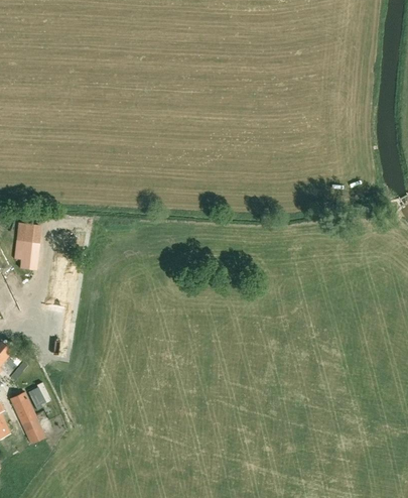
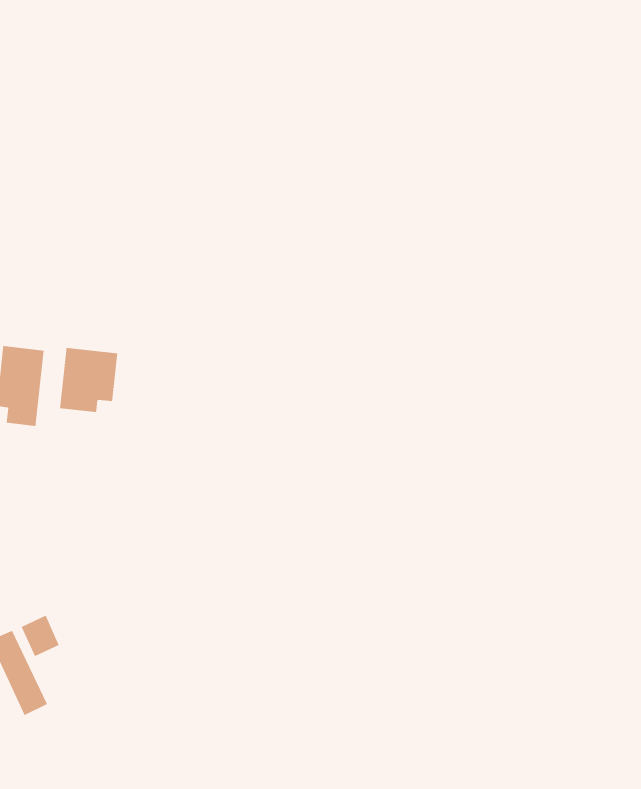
building: none -> [59,347,118,413]

